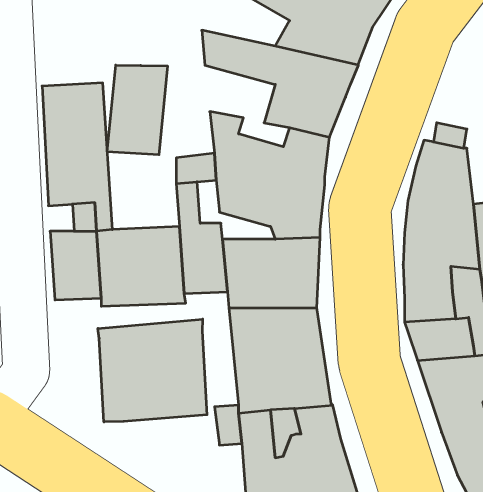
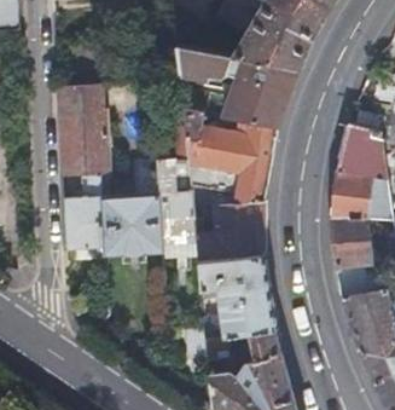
building: [107,65,167,155] -> none
building: [98,319,207,422] -> none

